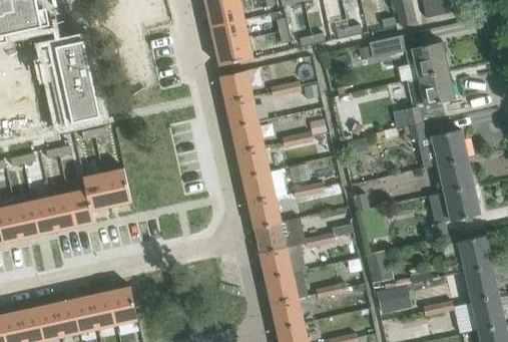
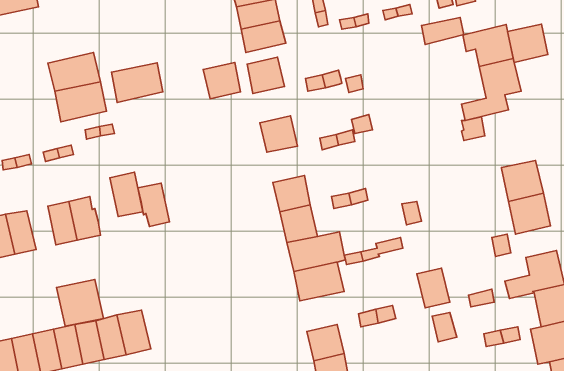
building: [44,40,88,74] -> [111,63,163,103]
building: none -> [507,24,548,62]
building: [224,94,257,125] -> [203,63,241,99]
building: [419,129,466,167] -> none
building: [236,145,269,177] -> none
building: [82,173,109,210] -> [138,183,169,226]
building: [31,197,56,234] -> none
building: none -> [56,280,104,326]
building: [265,270,309,304] -> none

